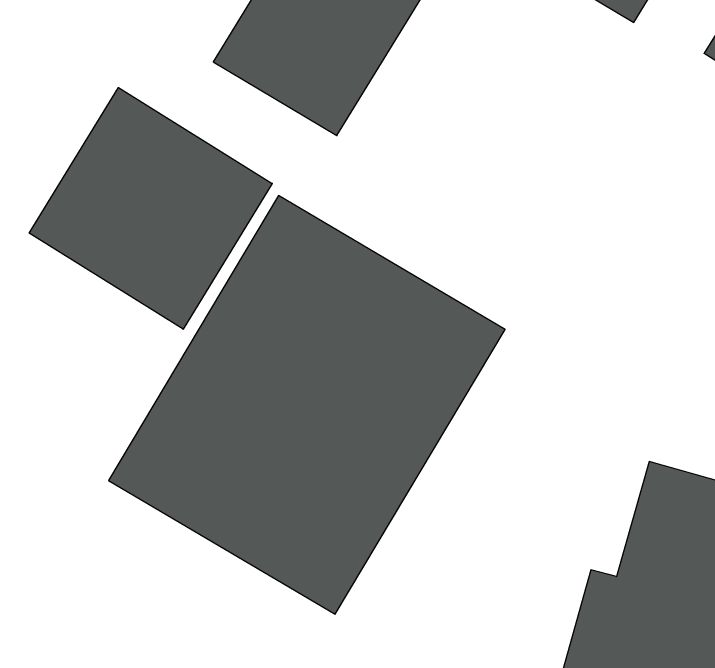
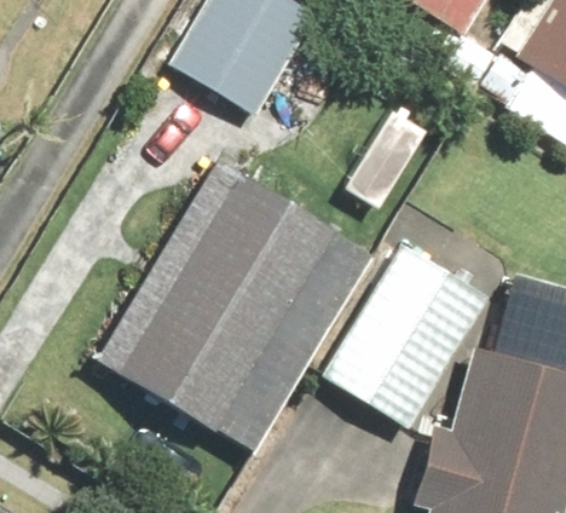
building: [29,88,272,329] -> none
building: none -> [322,237,480,416]

